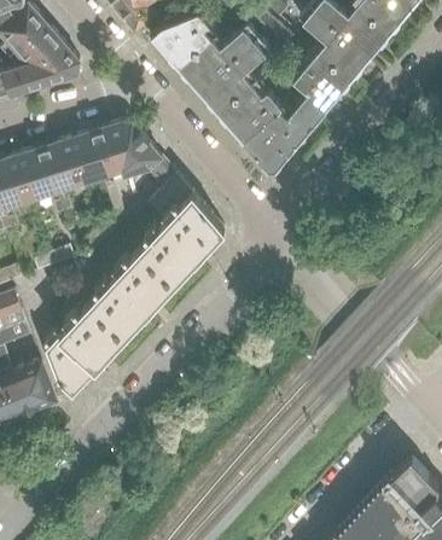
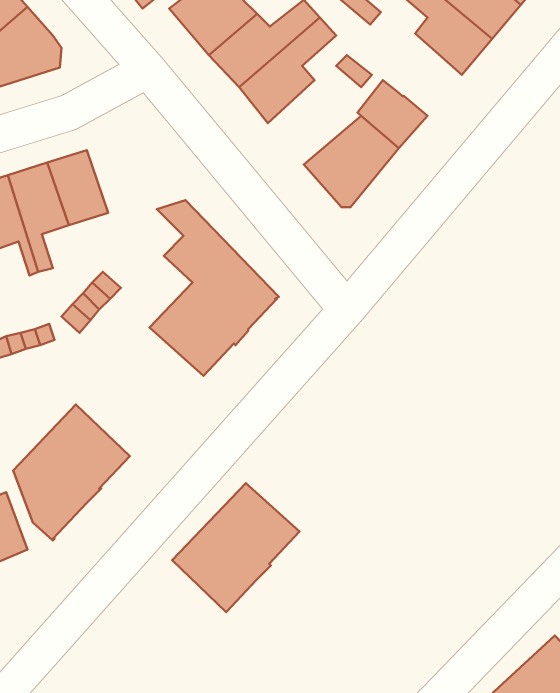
building: [295,52,349,108] -> none
building: [219,83,281,140] -> none
building: [97,121,163,176] -> none
building: [89,250,175,337] -> [172,483,300,612]

